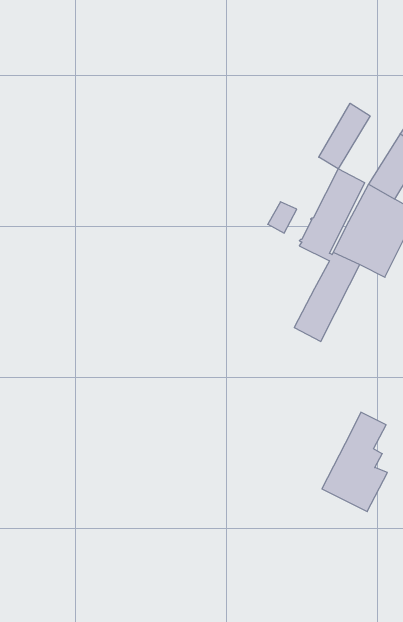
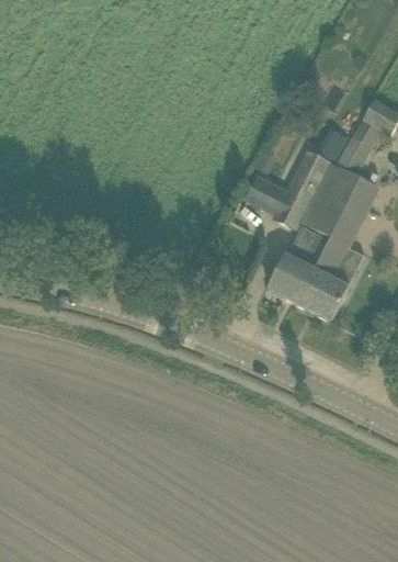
building: [319,103,370,169] -> none
building: [322,412,387,512] -> [292,233,349,319]

